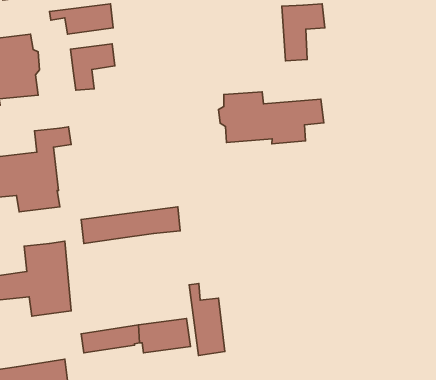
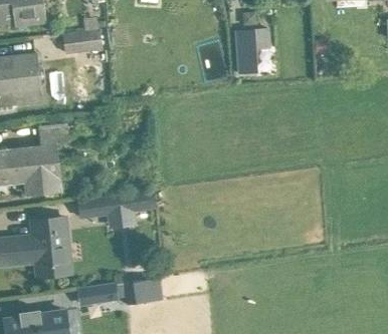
building: [70,44,115,90] -> none
building: [218,92,324,144] -> none
building: [189,284,225,356] -> none

